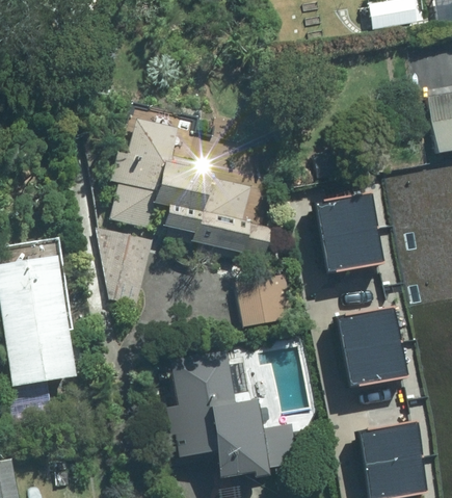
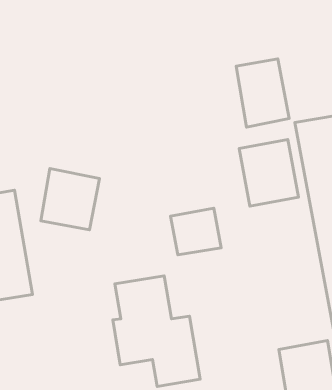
building: none -> [236,59,289,127]
building: [110,114,273,258] -> none
building: [334,312,401,388] -> none

